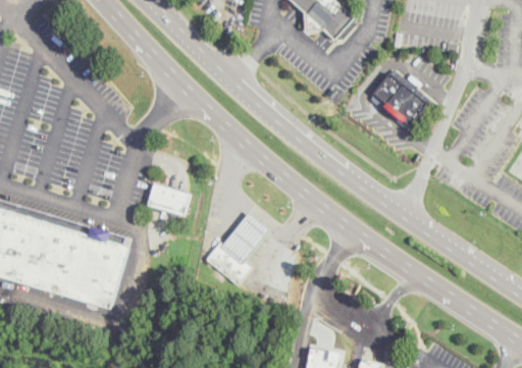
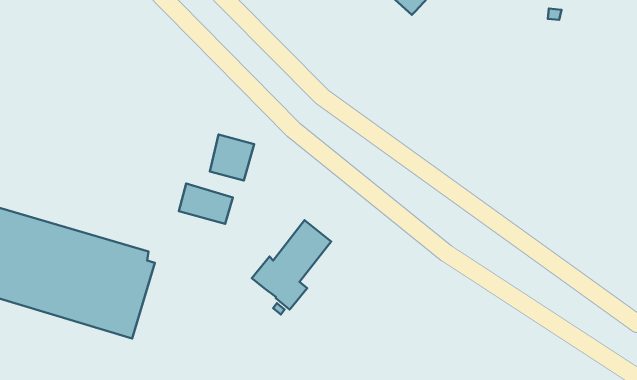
building: [370,71,426,125] -> none
building: none -> [210,135,254,181]

